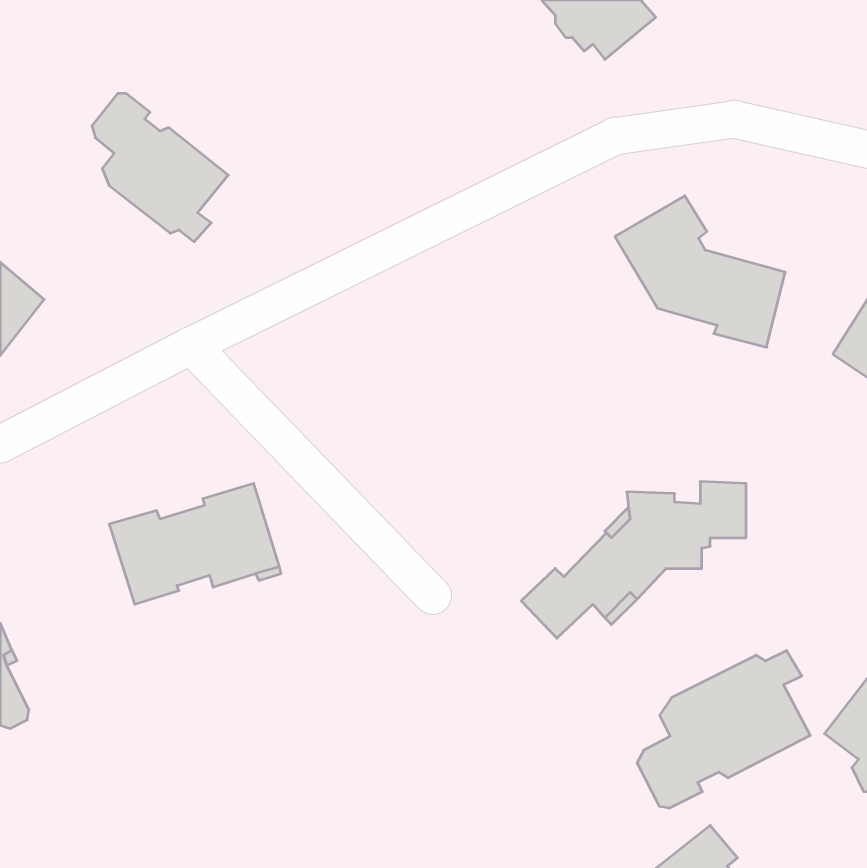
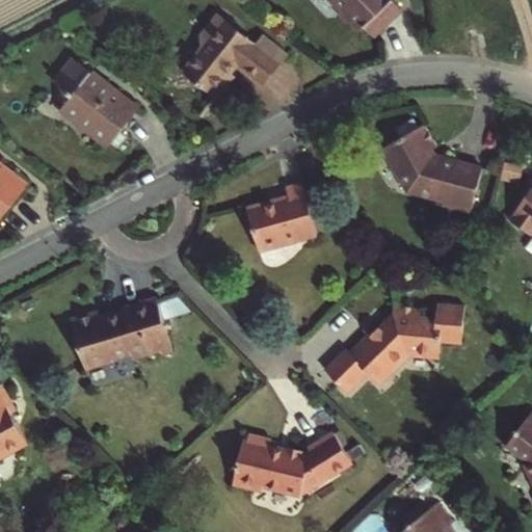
building: none -> [186,16,287,97]
building: none -> [245,184,315,250]
building: [637,650,810,808] -> none
building: none -> [224,435,349,498]

